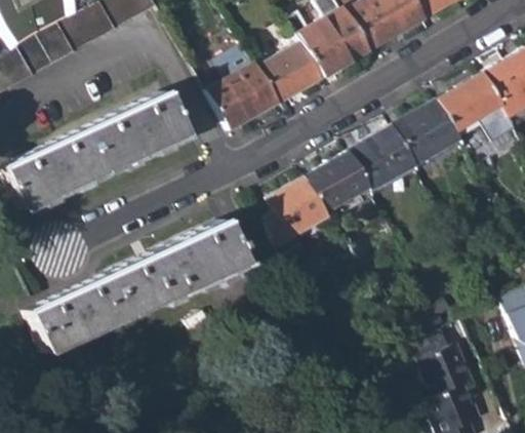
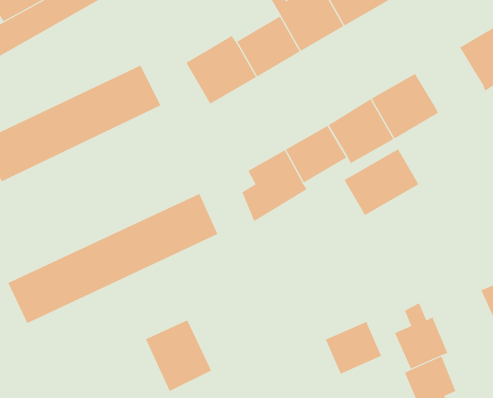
building: [440,73,508,129] -> none
building: none -> [344,148,419,216]
building: none -> [145,320,212,392]
building: none -> [325,321,382,374]

